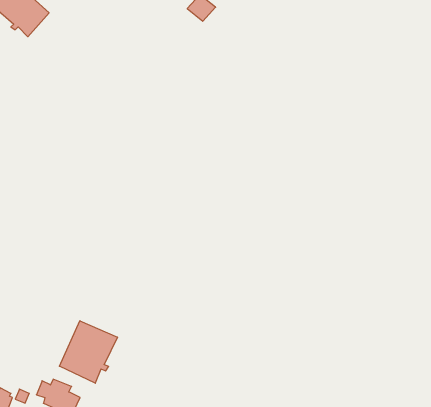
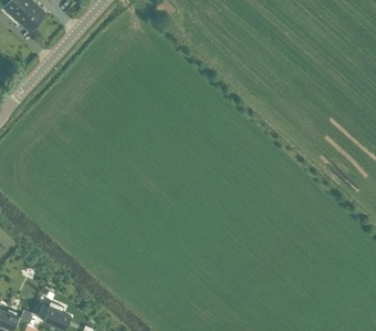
building: [59,321,117,383] -> none

